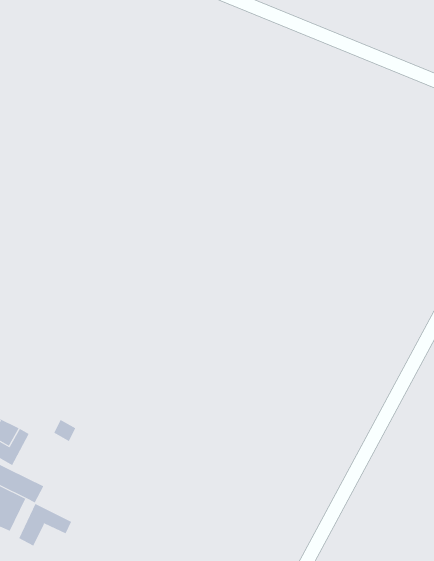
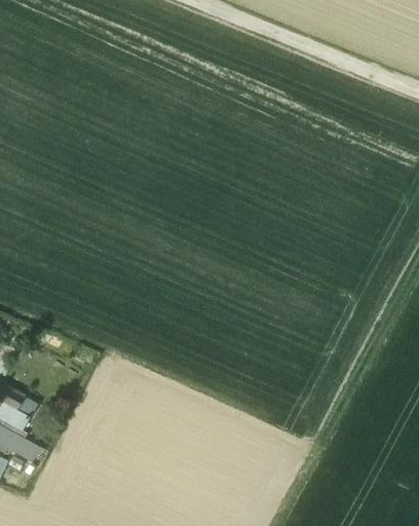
building: [18,503,72,547] -> none

